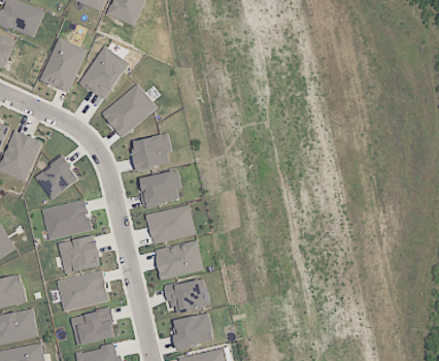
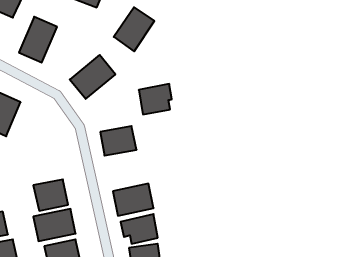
building: [78,46,128,100] -> [114,7,154,51]
building: [131,133,171,170] -> [139,84,172,114]
building: [34,156,78,199] -> none
building: [41,199,92,239] -> none
building: [145,204,195,244] -> none

